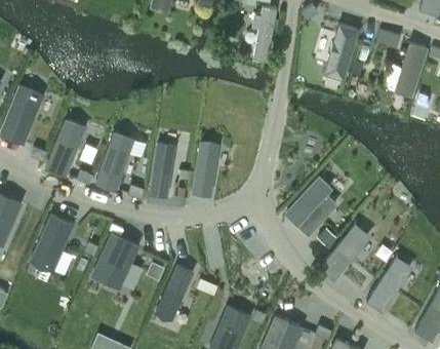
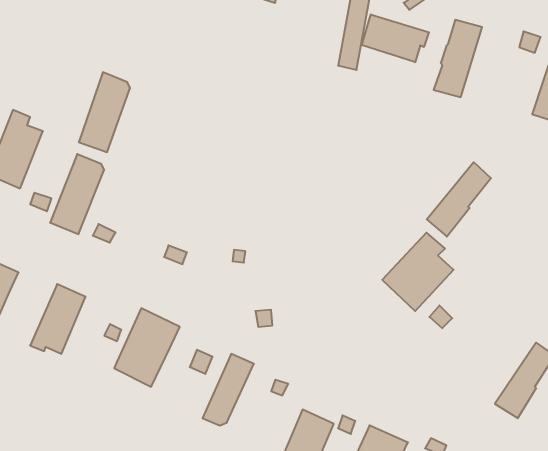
building: none -> [362,14,429,62]
building: [97,133,134,191] -> [79,72,130,152]
building: [151,145,176,197] -> none
building: [195,145,221,196] -> none
building: [319,227,365,280] -> [427,162,491,237]

